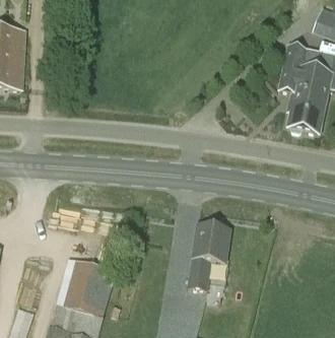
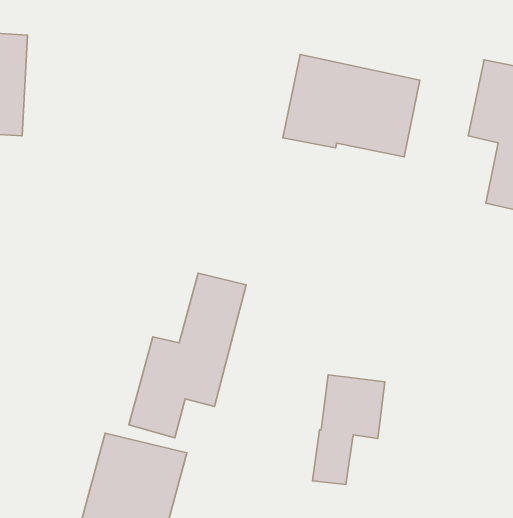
building: none -> [283,55,420,157]
building: none -> [129,273,246,438]

